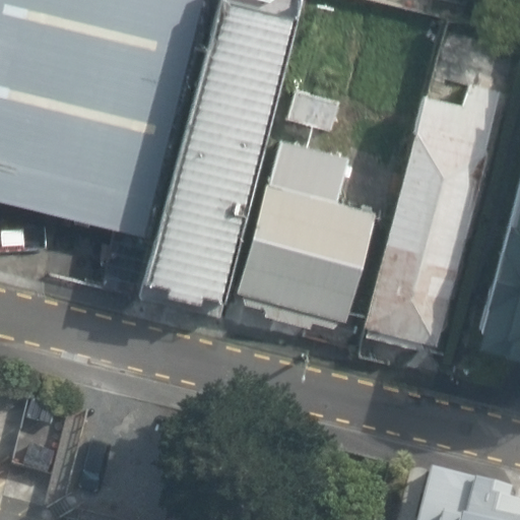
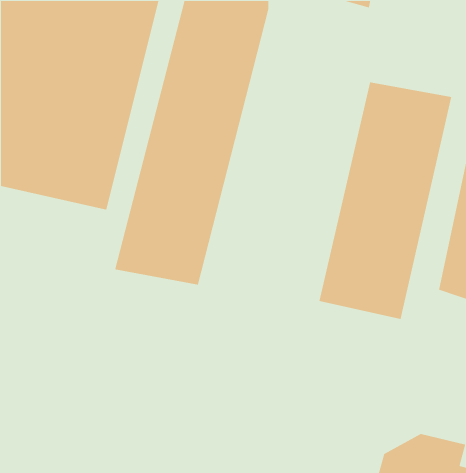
building: [234,140,370,327] -> none

